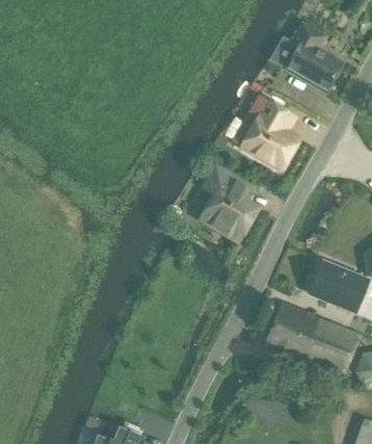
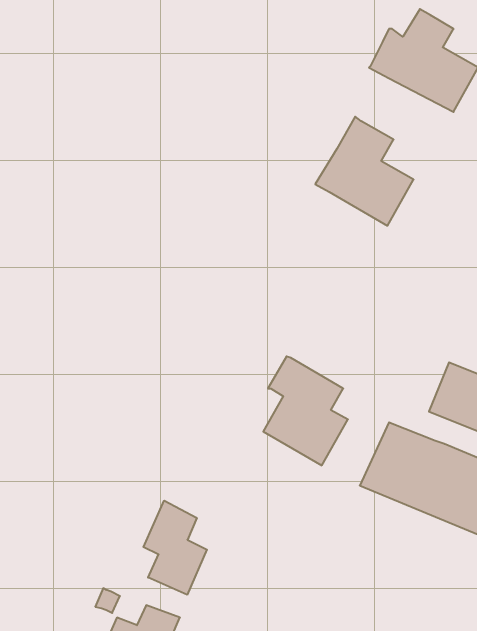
building: [201,166,258,240] -> [263,356,348,465]
building: none -> [143,501,207,595]

